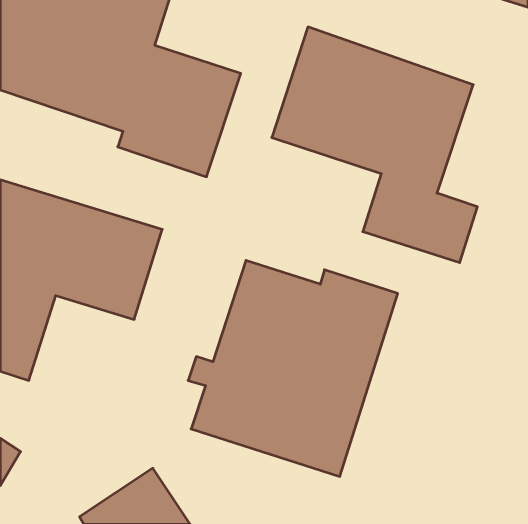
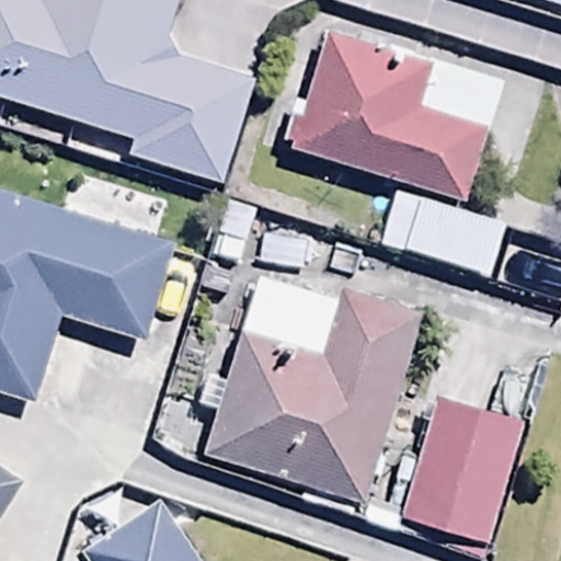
building: none -> [402,398,524,543]

